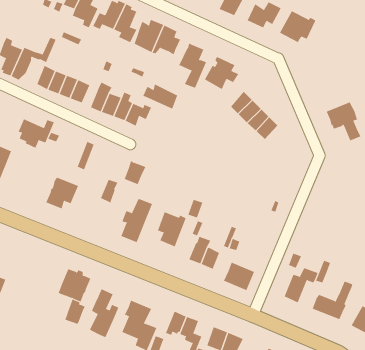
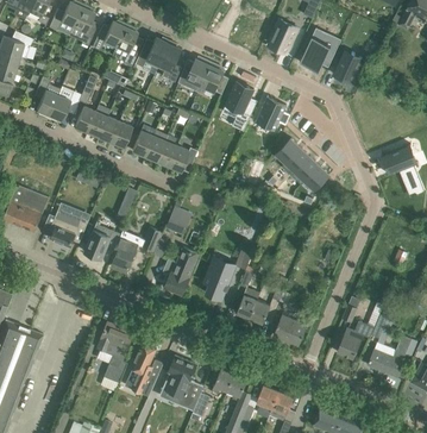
building: [143,84,178,109] -> none
building: [18,118,55,149] -> [49,216,88,249]
building: none -> [111,238,137,272]

